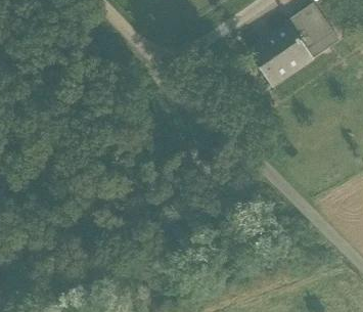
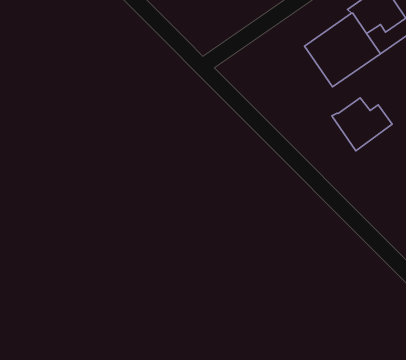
building: none -> [332,98,392,151]

